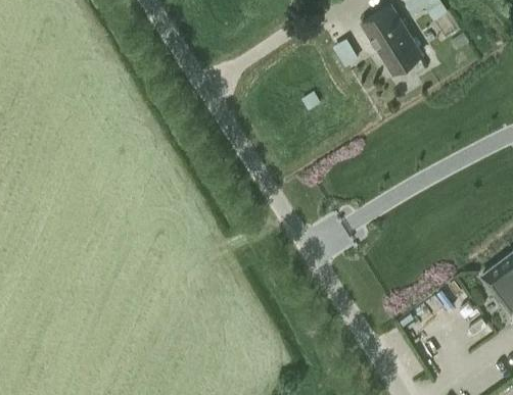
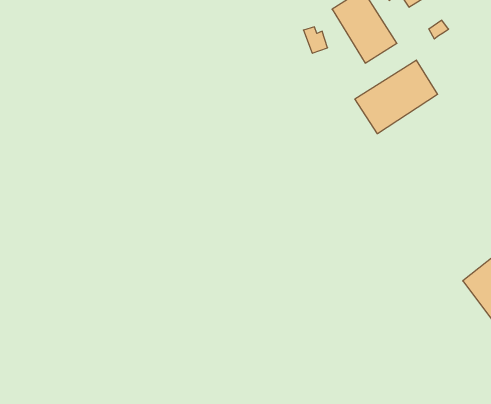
building: none -> [355,60,438,134]

